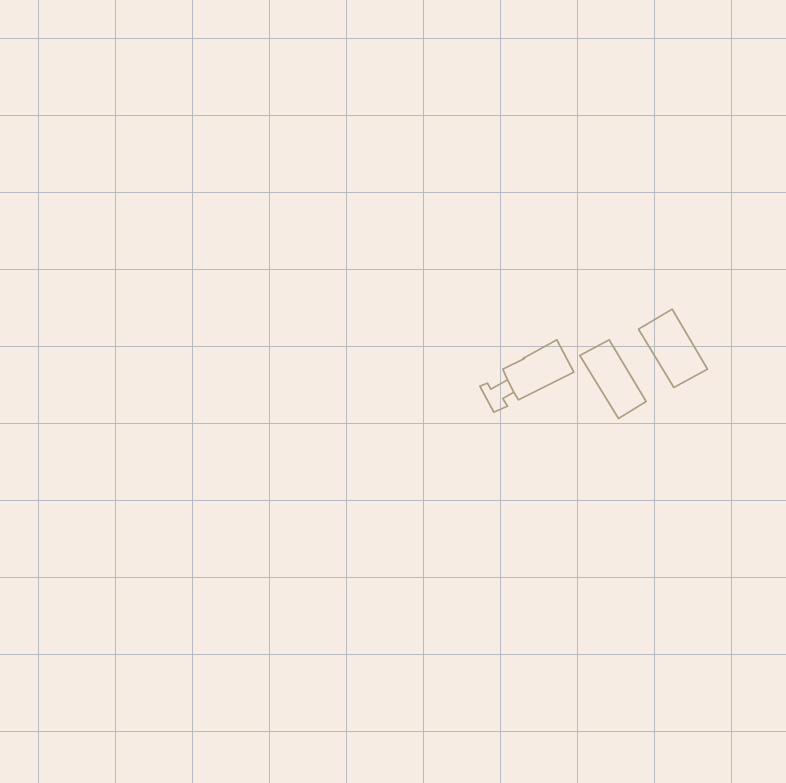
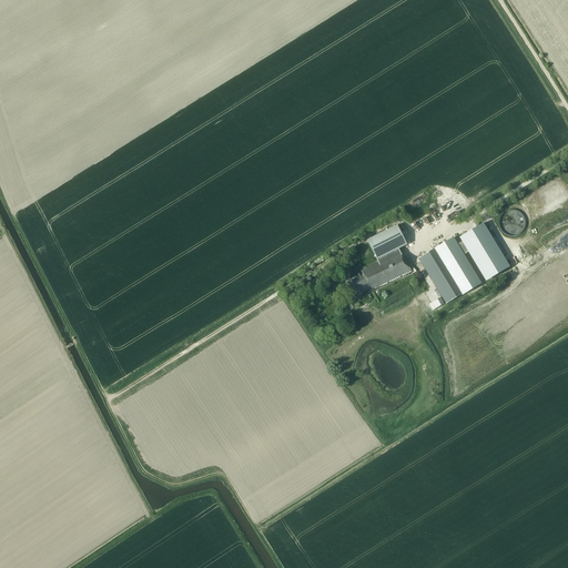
building: none -> [367,223,407,258]
building: none -> [439,235,480,290]

